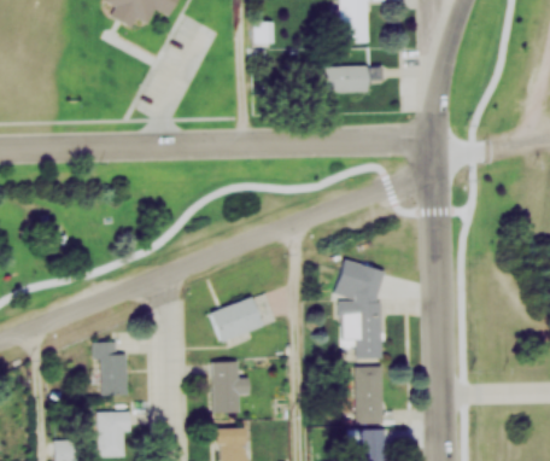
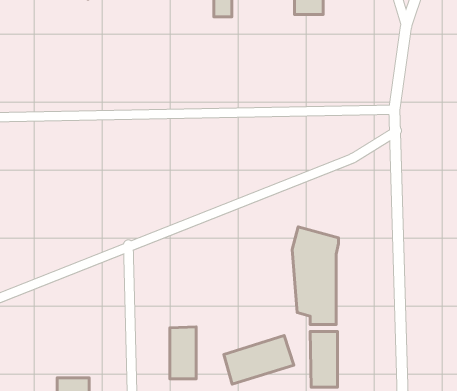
building: [324,66,381,93] -> none
building: [207,292,279,342] -> [224,335,294,384]
building: [98,342,128,397] -> none

